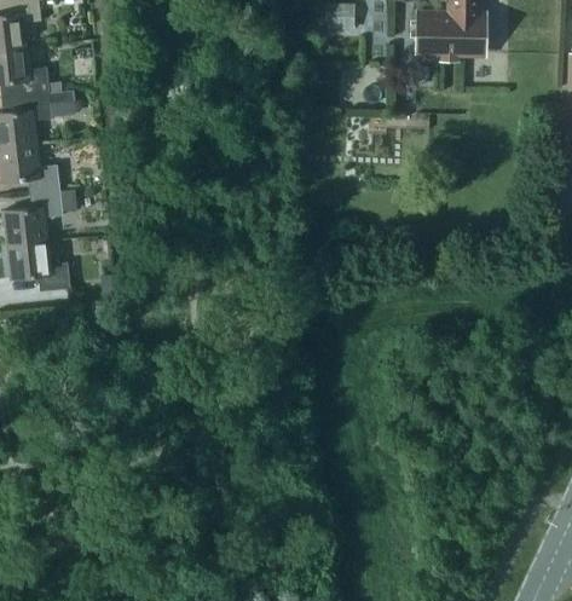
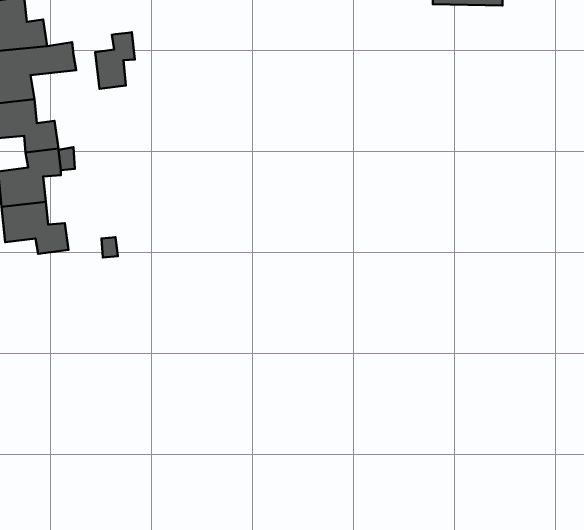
building: none -> [95,32,135,89]

